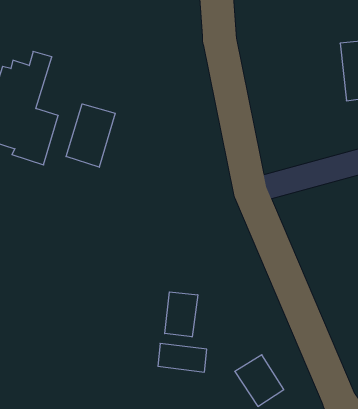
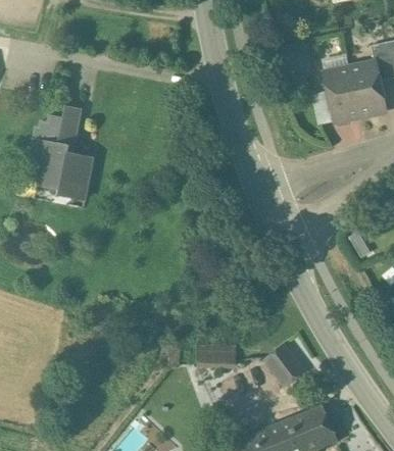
building: [66,104,115,167] -> none
building: [165,292,198,337] -> none

